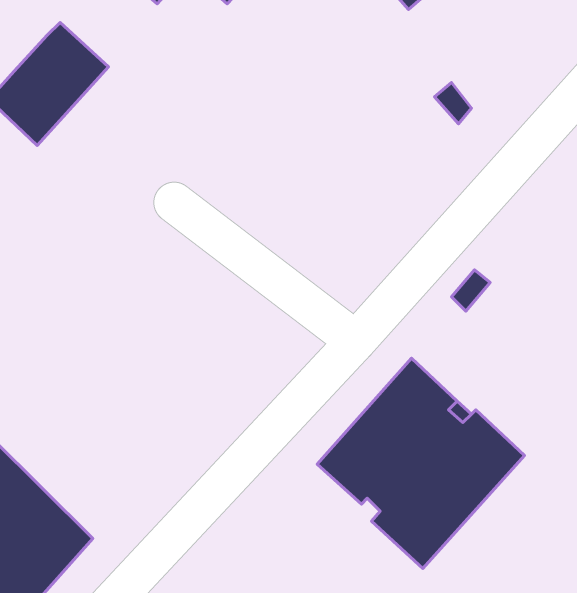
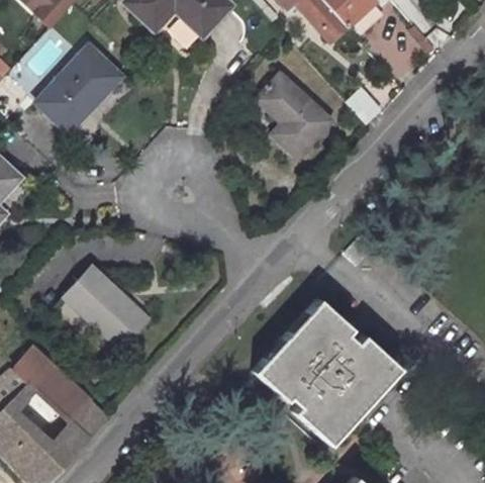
building: none -> [259,77,332,160]
building: none -> [68,268,150,349]

